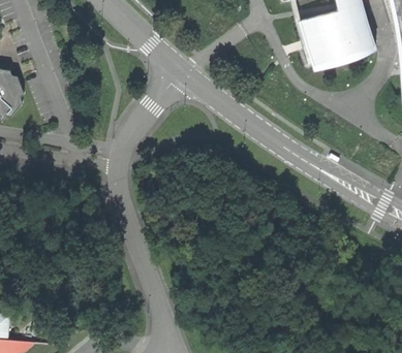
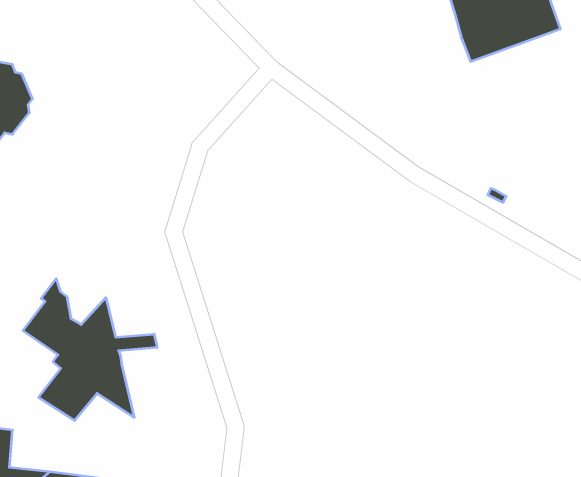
building: none -> [23,279,157,421]

